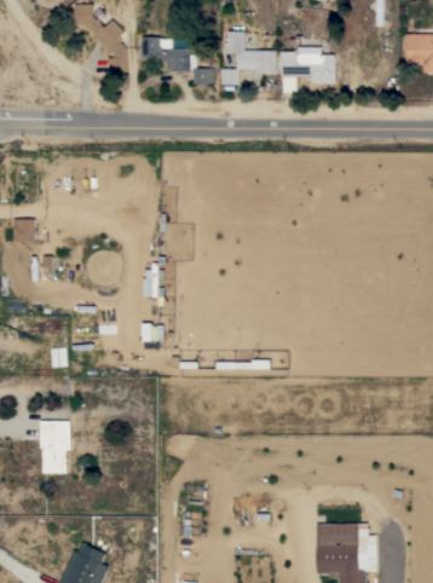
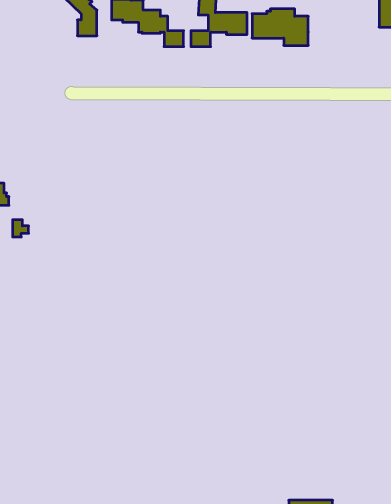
building: [40,421,70,472] -> none

